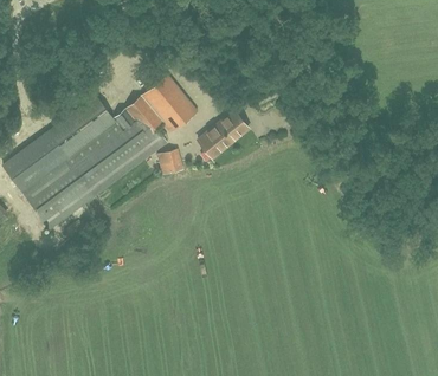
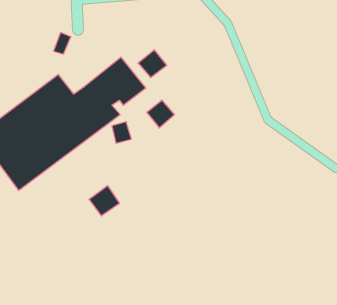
building: [214,108,247,140] -> [138,50,167,78]
building: none -> [89,186,120,216]

